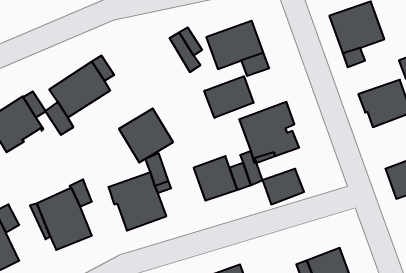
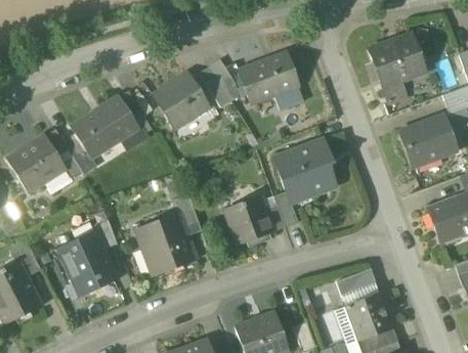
building: [204,76,254,118] -> none
building: [119,108,173,163] -> [154,72,211,129]
building: [262,169,304,204] -> [336,269,380,307]

